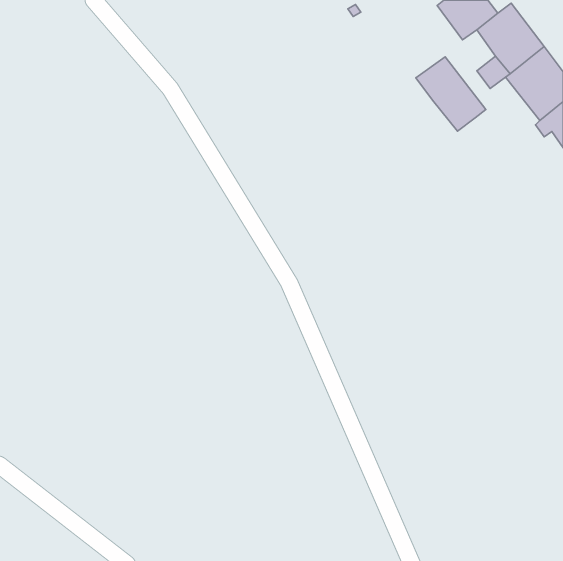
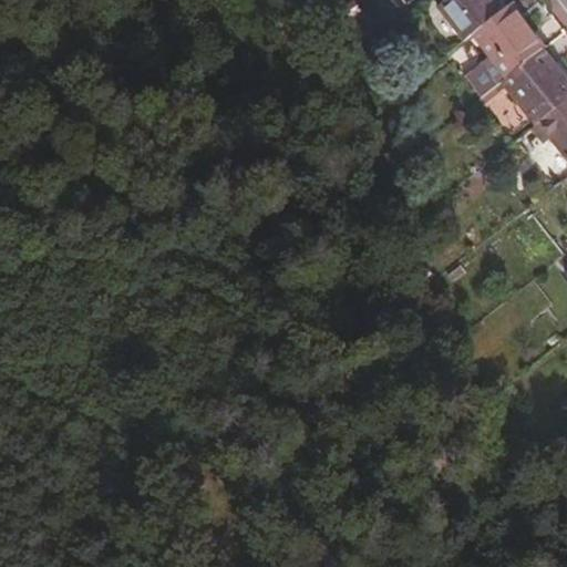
building: [416,57,486,131] -> none

